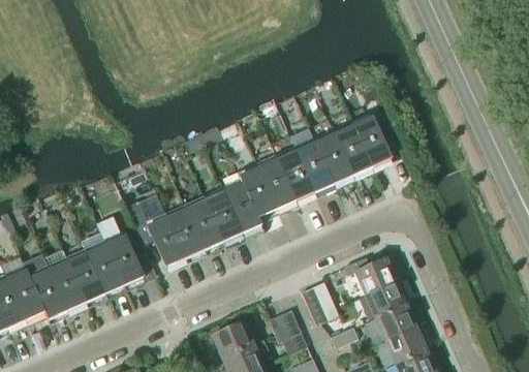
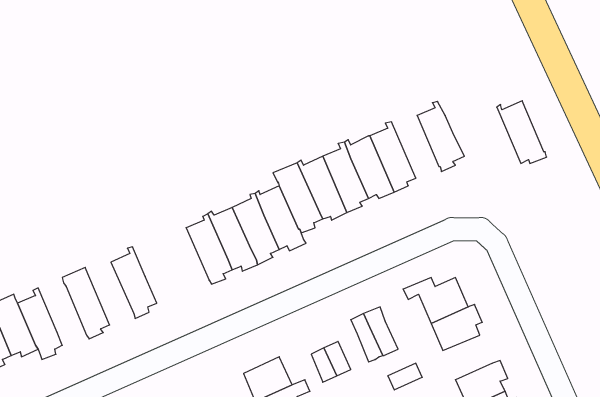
building: [333,125,373,176] -> [497,101,547,163]
building: [125,199,187,268] -> none
building: [85,244,125,295] -> none
building: [46,260,88,312] -> none
building: [374,303,421,339] -> none

